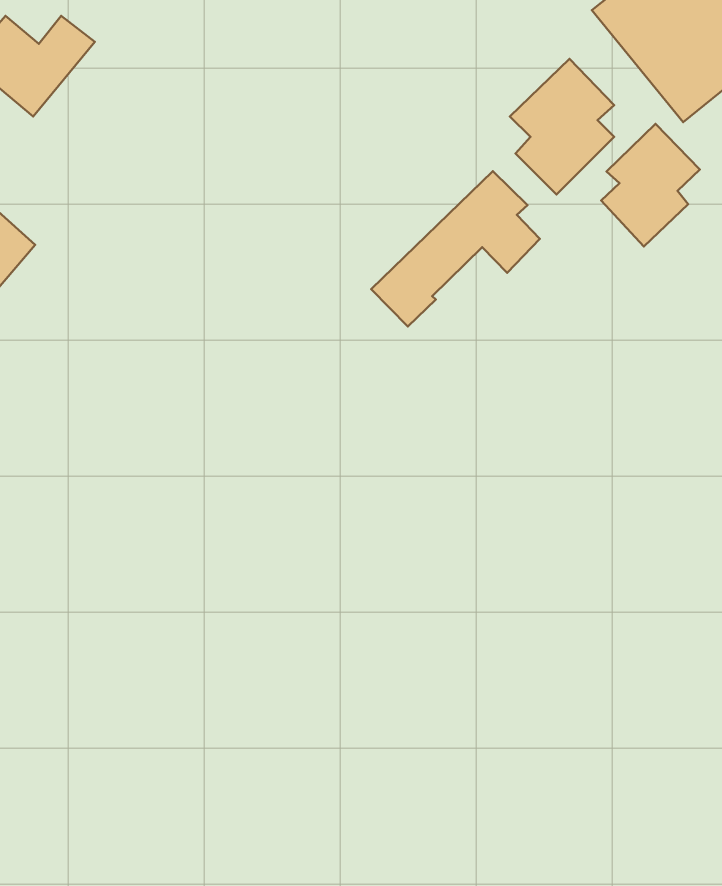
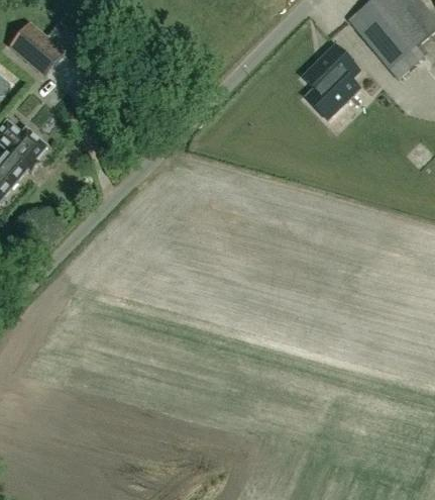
building: [601,124,700,246] -> none
building: [371,171,540,327] -> none

